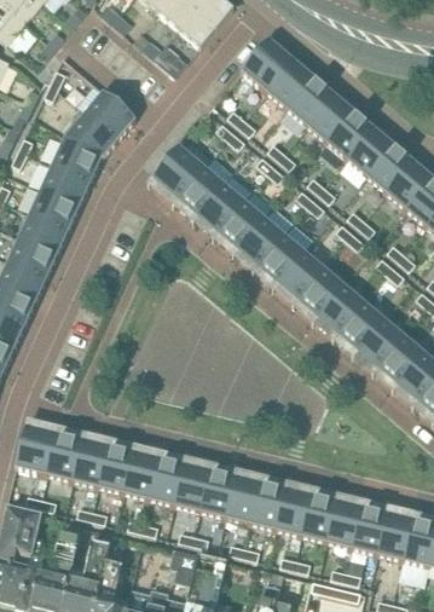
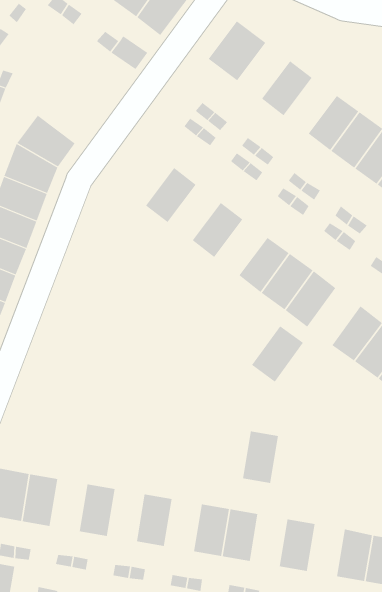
building: [266,58,314,108] -> none
building: [85,90,135,138] -> none
building: [306,92,354,142] -> none
building: [151,143,204,197] -> none
building: [196,181,244,231] -> none
building: [236,215,284,265] -> none
building: [316,282,364,333] -> [251,326,304,382]
building: [74,438,109,486] -> none
building: [125,450,160,498] -> none
building: [175,462,210,510] -> none
building: [251,480,287,529] -> [242,431,279,483]
building: [302,492,337,541] -> none

